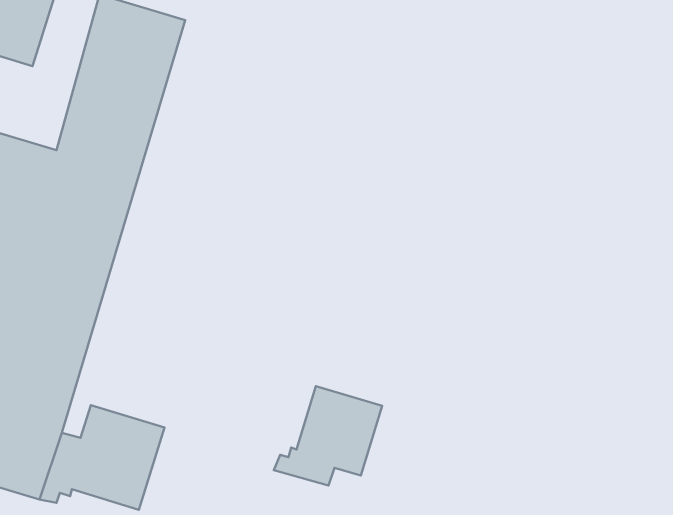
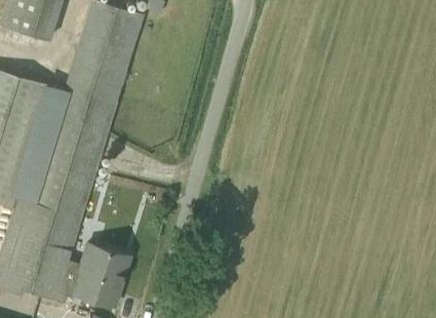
building: [274,386,382,485] -> none

